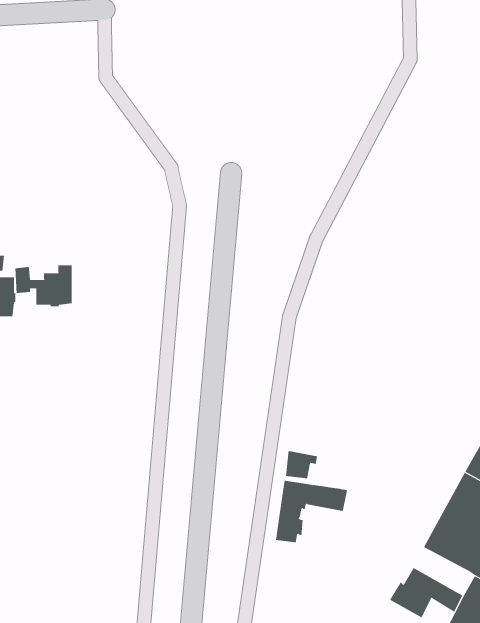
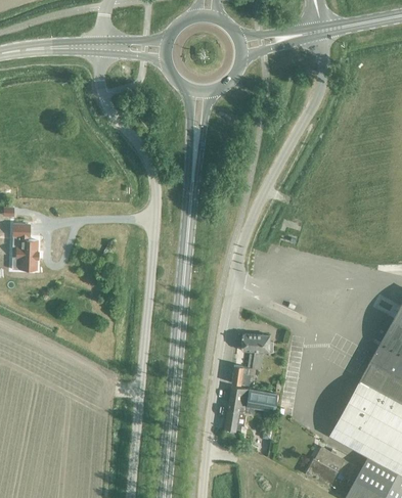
building: [15,264,72,307] -> none
building: none -> [233,335,273,371]

